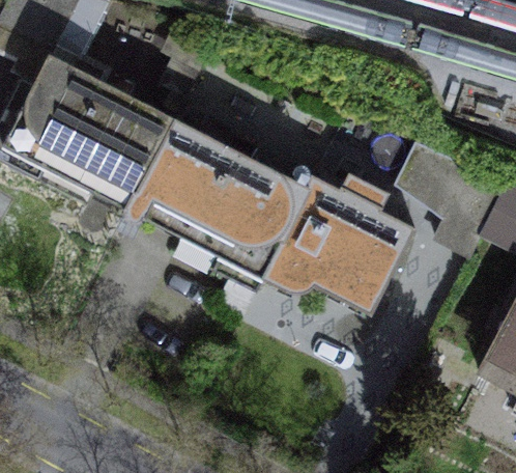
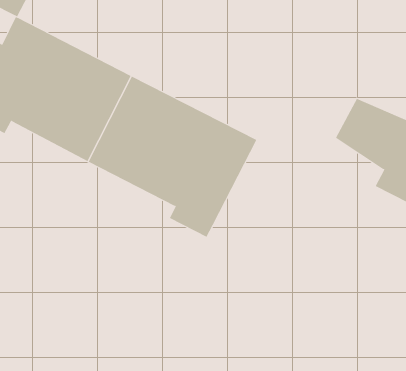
building: [262,173,414,313] -> none

